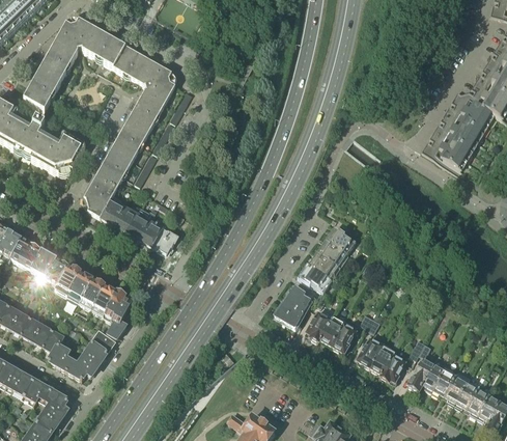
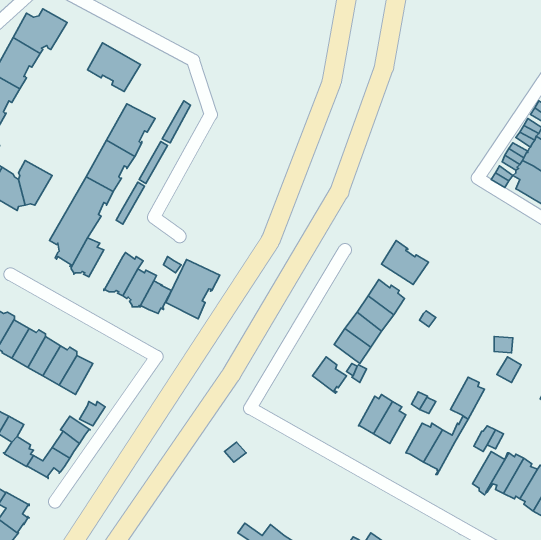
building: [85,29,124,65] -> none
building: [141,61,175,103] -> none
building: none -> [382,241,428,284]
building: [114,203,140,235] -> none
building: none -> [166,260,220,319]
building: [104,290,132,323] -> none
building: [275,300,304,326] -> none
building: [305,310,333,340] -> none
building: [381,351,406,383] -> [451,377,485,419]

